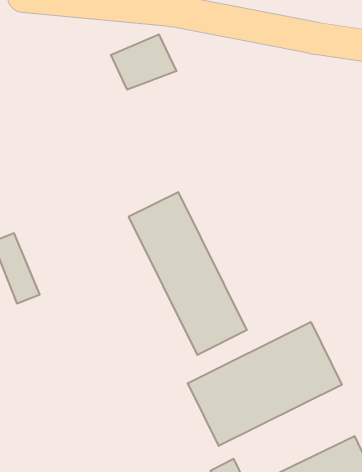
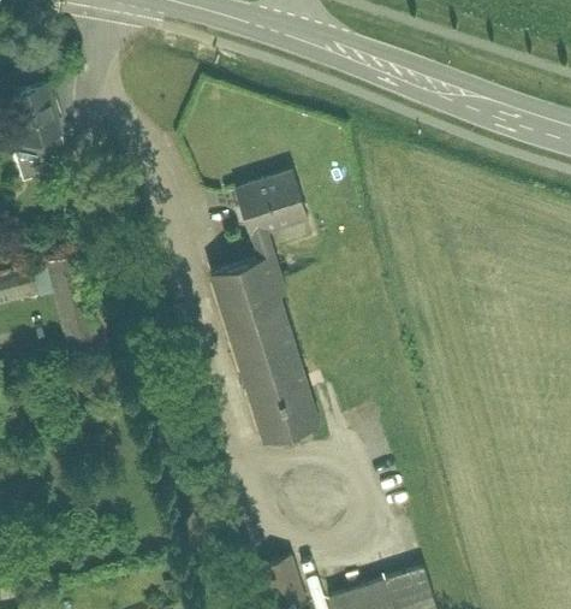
building: [111,35,177,89] -> [239,177,311,233]
building: [188,322,342,446] -> none

